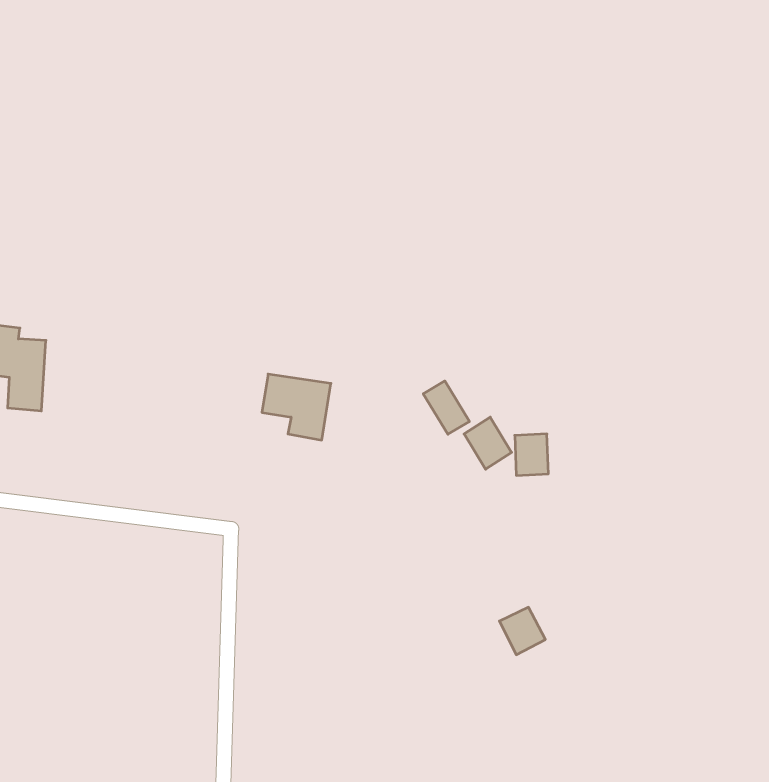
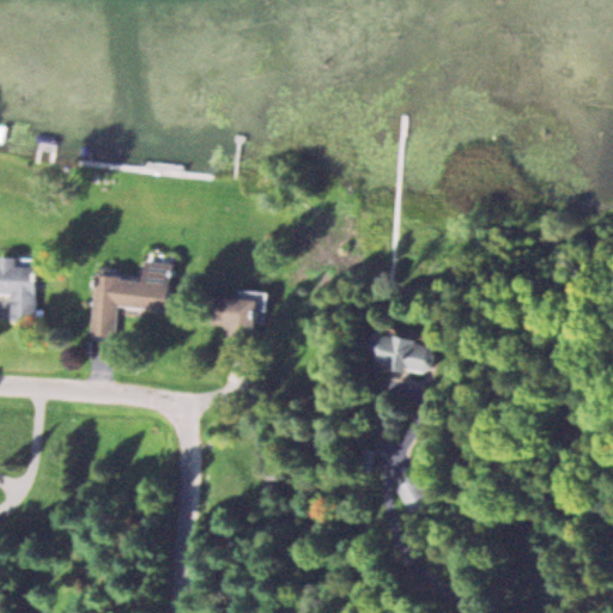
building: none -> [87,261,174,336]
building: [423,381,469,434] -> none

